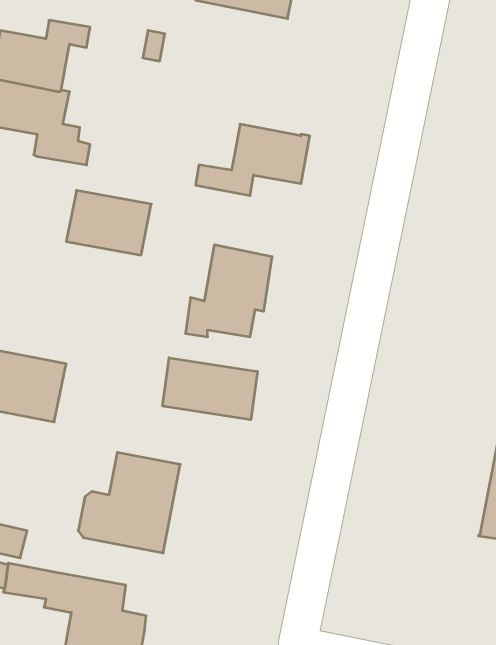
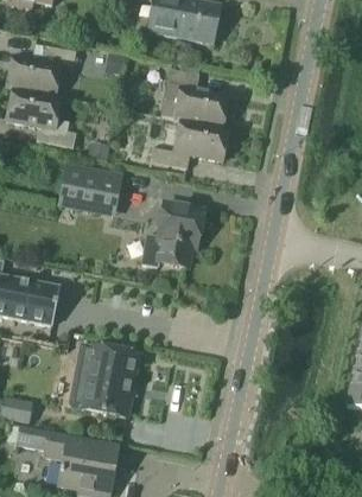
building: none -> [163,68,229,126]
building: [163,358,257,420] -> none

